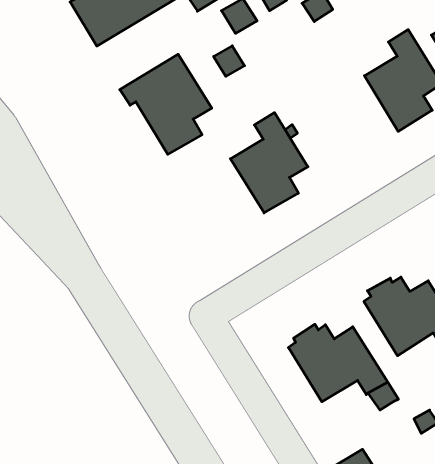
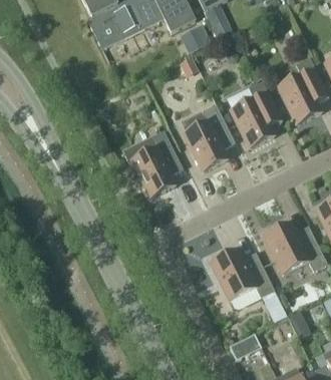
building: [120,54,212,154] -> [122,130,183,197]
building: none -> [231,80,282,147]

